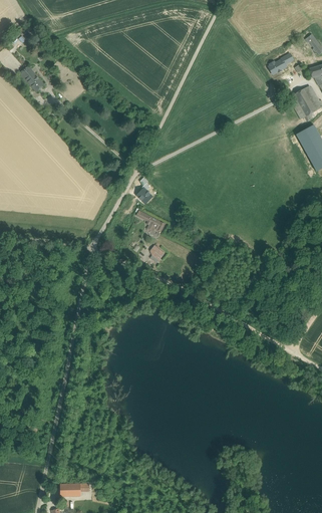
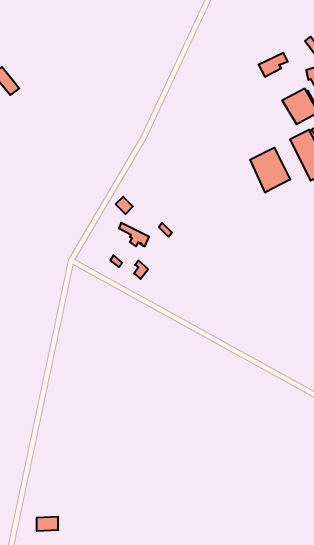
building: none -> [250,148,290,193]

